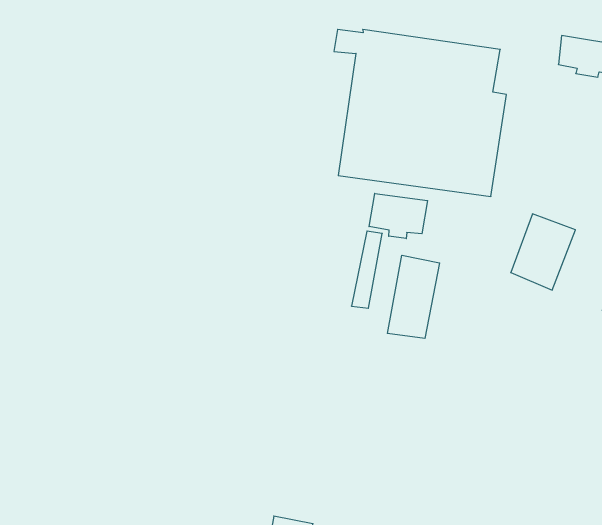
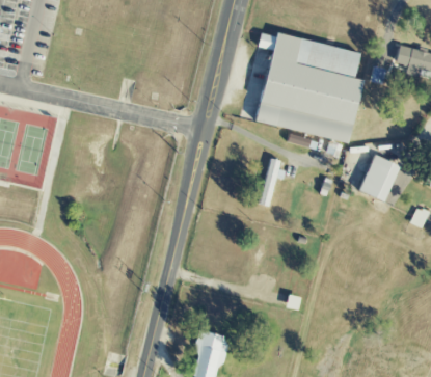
building: [369,193,428,239] -> none
building: [387,255,440,338] -> none

